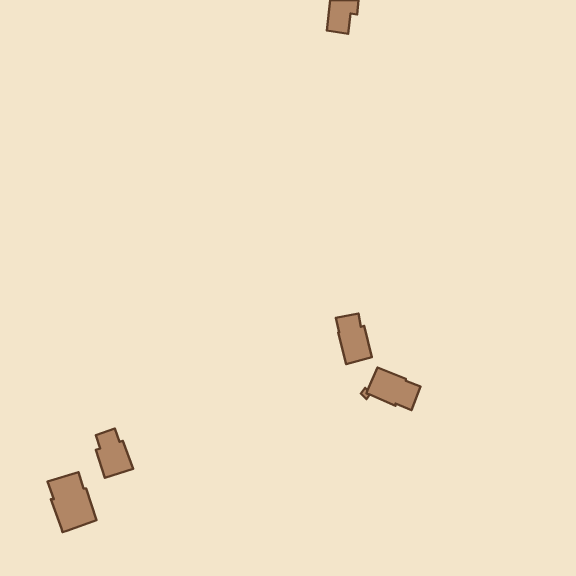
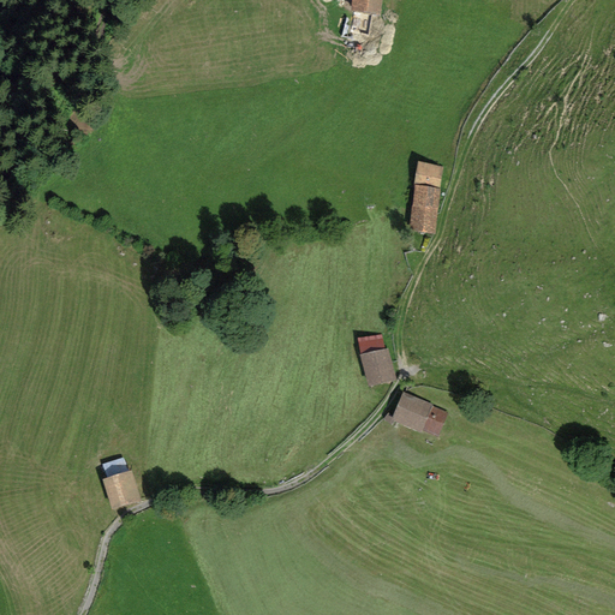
building: none -> [410,160,443,234]
building: [48,472,96,532] -> none

